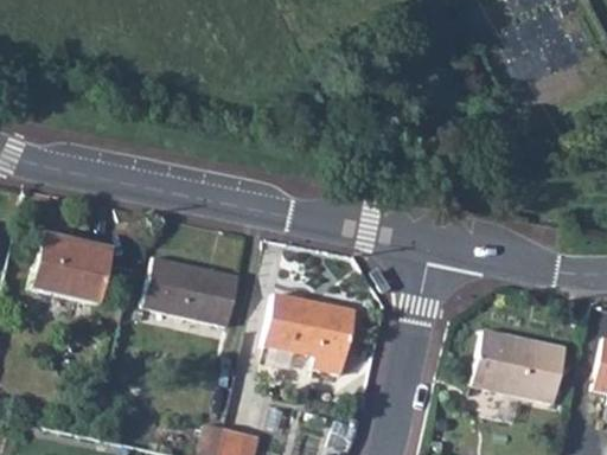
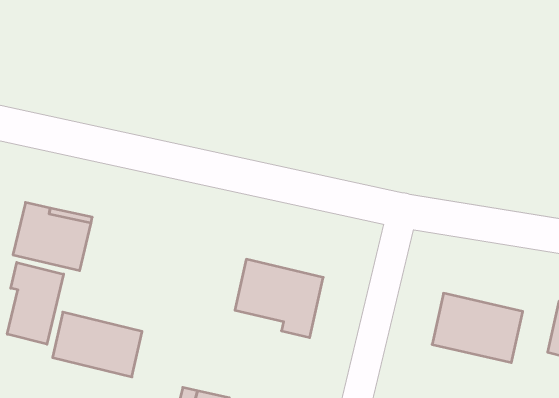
building: [146,261,239,328] -> [53,312,142,377]
building: none -> [7,262,64,344]

